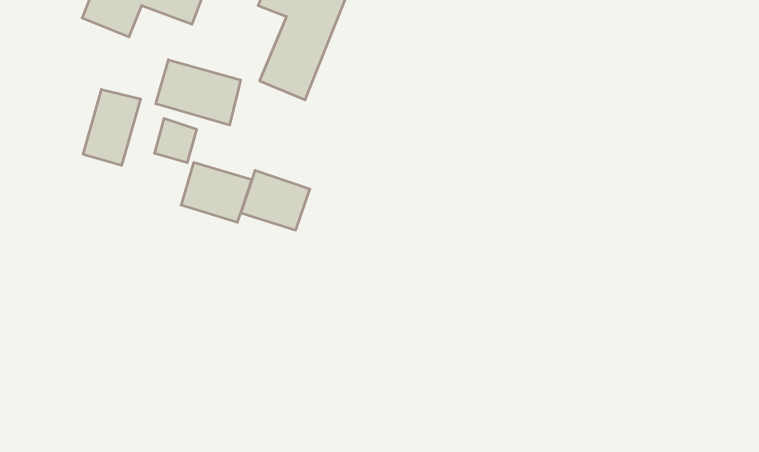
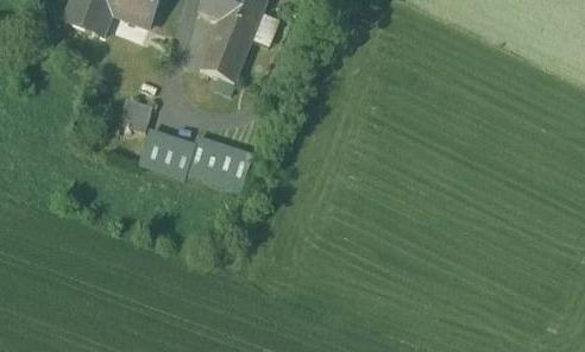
building: [156,60,241,125] -> none
building: [83,89,141,165] -> none

